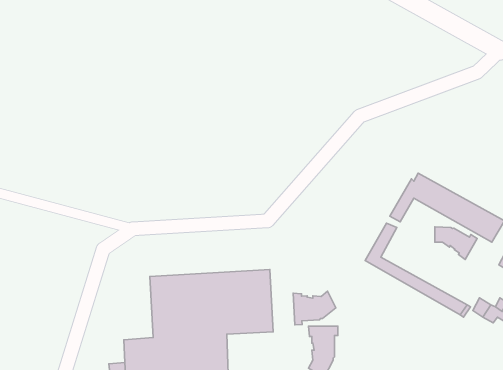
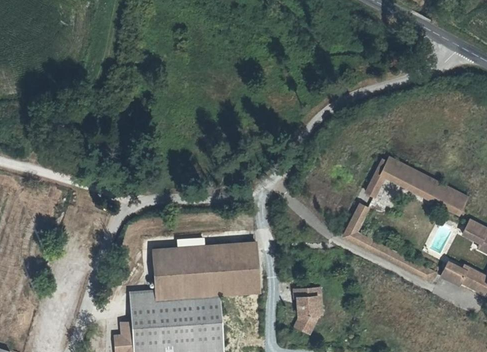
building: [435,227,477,259] -> none
building: [293,291,336,325] -> none

